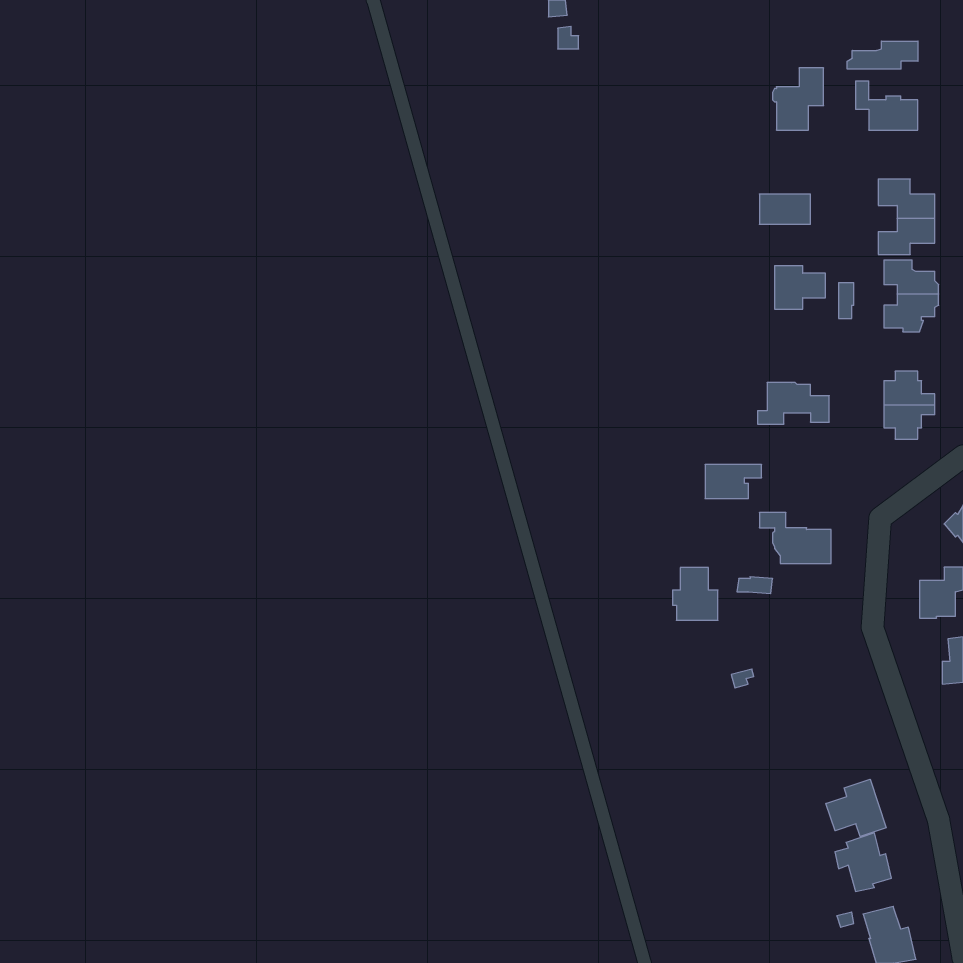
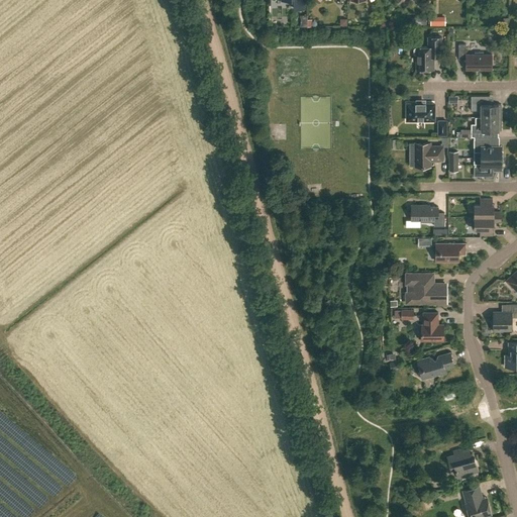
building: [847,41,918,69] -> none
building: [705,465,762,499] -> [435,243,466,262]
building: [673,568,718,620] -> [419,312,443,340]
building: none -> [417,352,453,378]
building: [826,779,886,836] -> none

